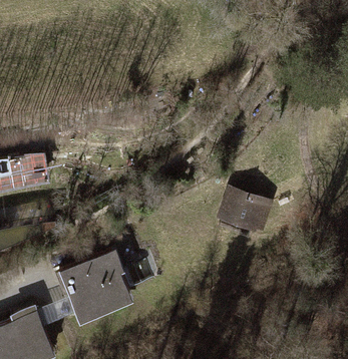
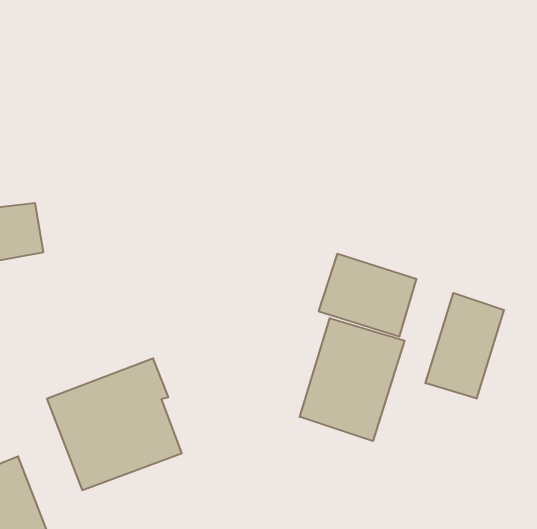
building: none -> [425,293,504,399]
building: none -> [300,318,404,441]

